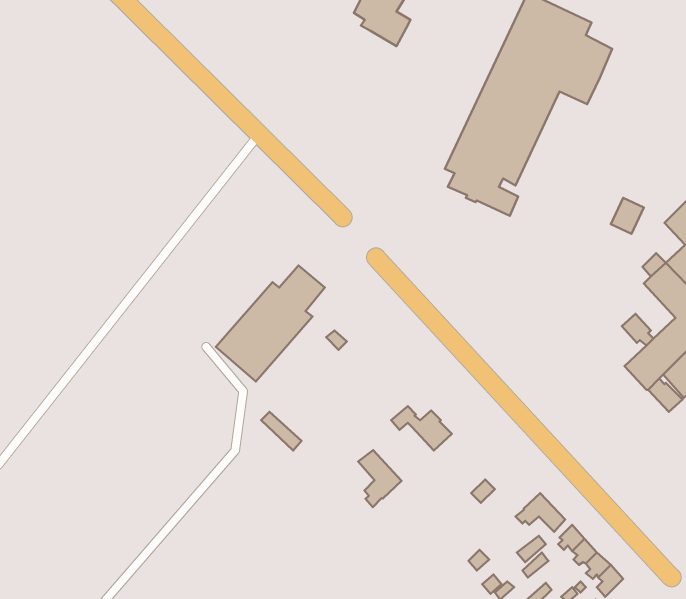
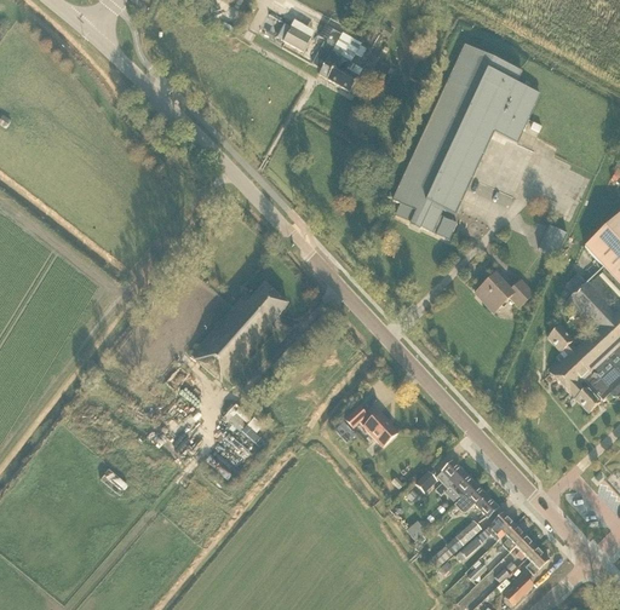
building: none -> [475,272,534,310]
building: [358,450,401,507] -> none
building: none -> [436,460,476,497]

